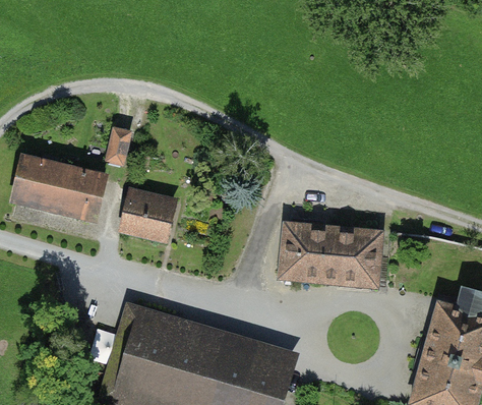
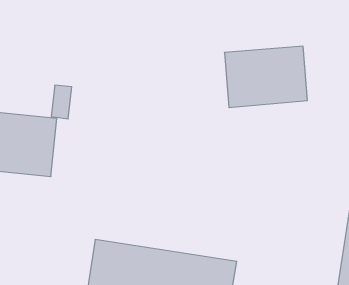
building: [121,194,186,246] -> none
building: [287,220,380,286] -> [224,46,307,108]

